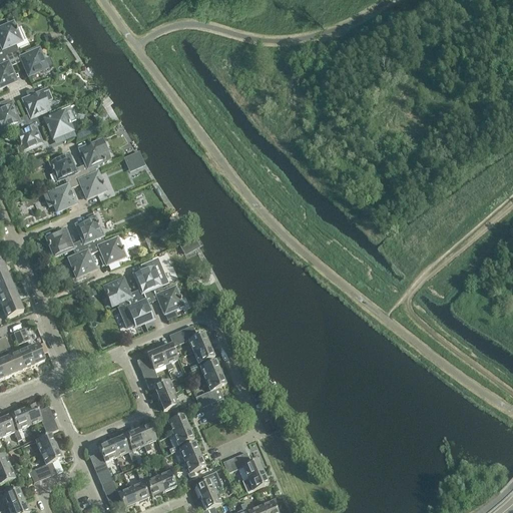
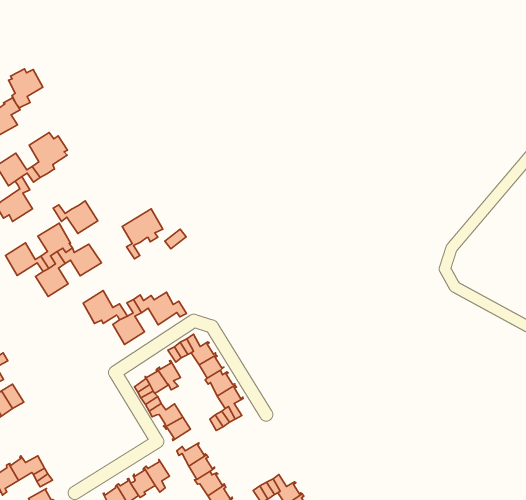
building: none -> [9,69,43,108]
building: [69,171,104,197] -> [53,201,98,234]
building: [133,263,166,302] -> [122,209,163,259]

